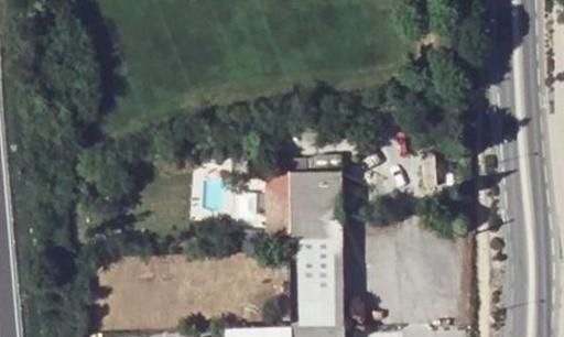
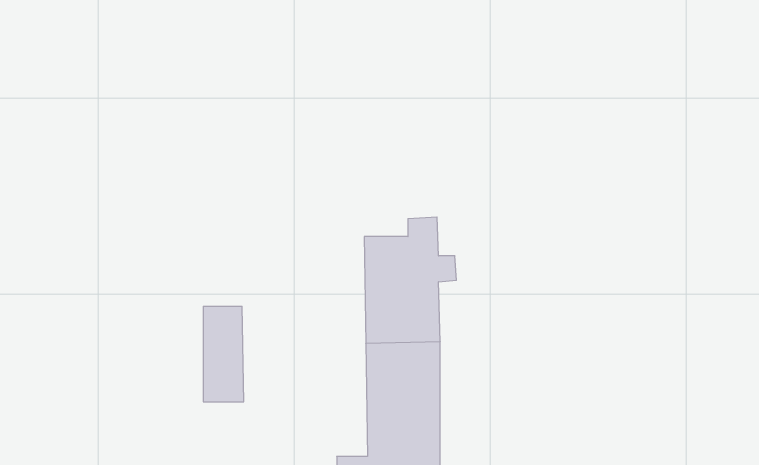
building: [264,174,292,239] -> [203,306,244,402]

